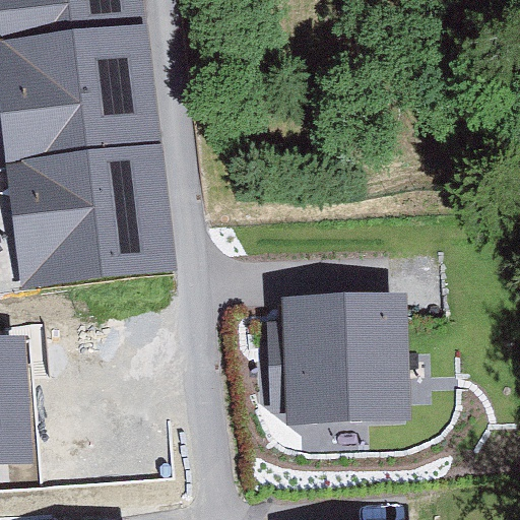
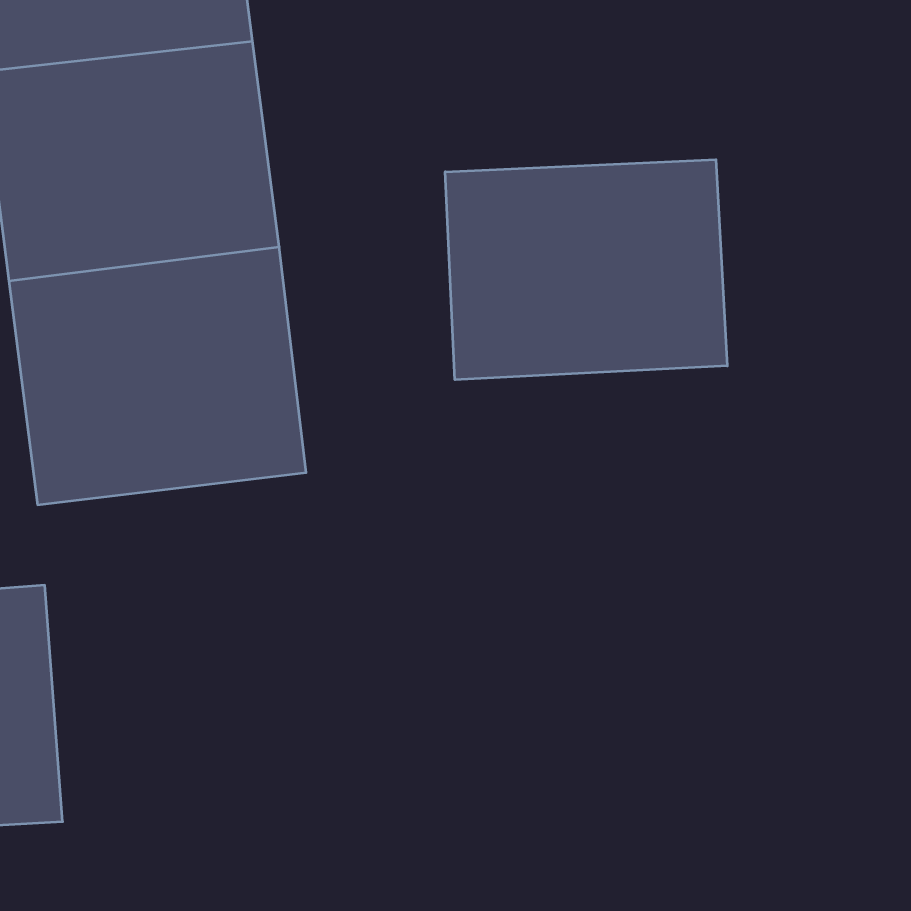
building: none -> [445,160,727,380]
building: [265,288,413,427] -> none

